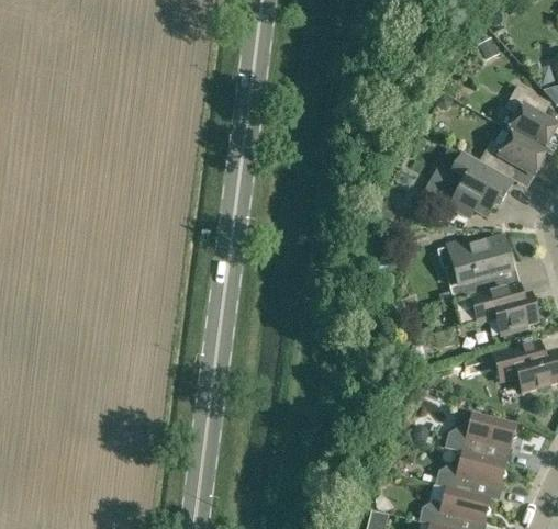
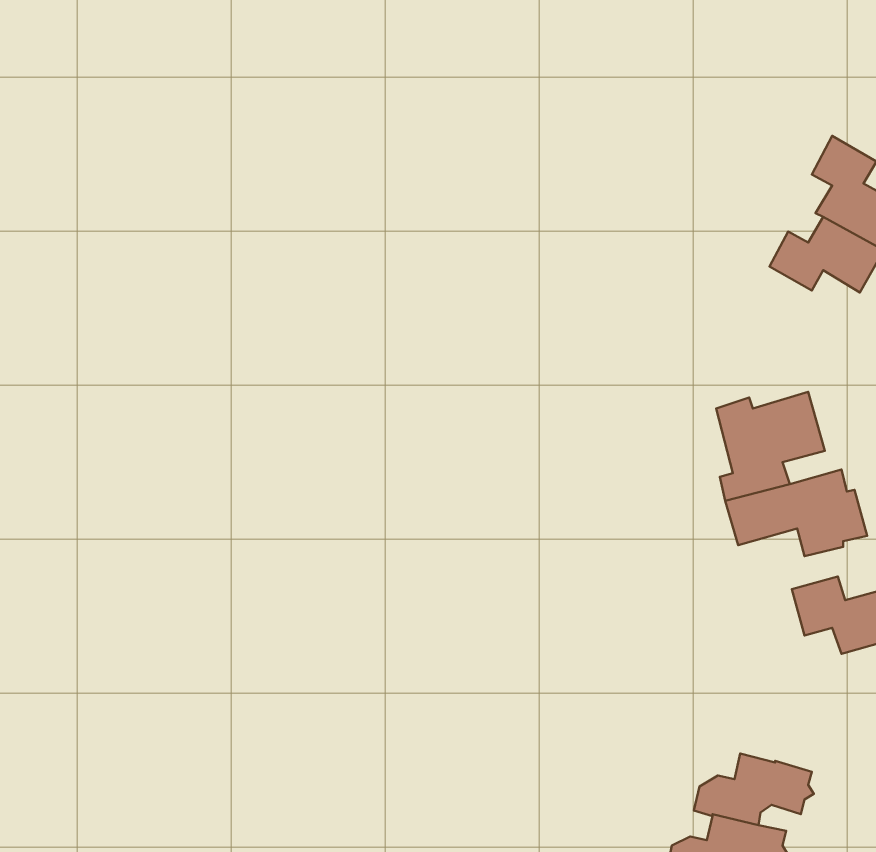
building: [429,153,513,217] -> none
building: [444,414,515,458] -> none

